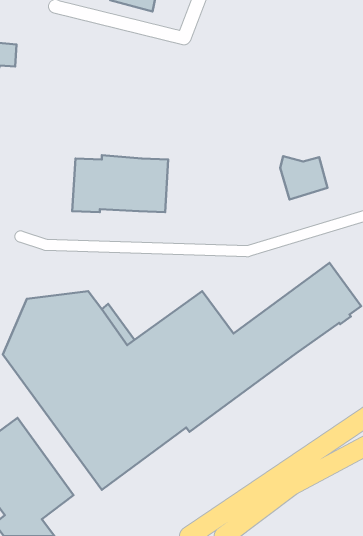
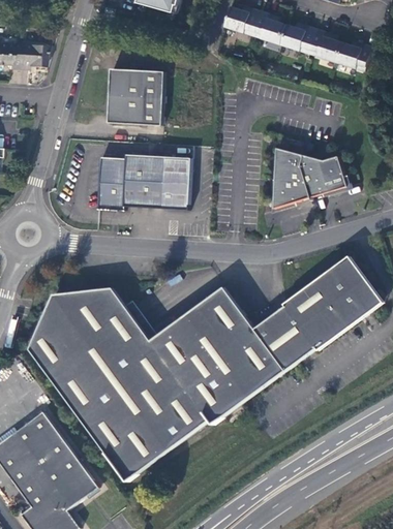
building: none -> [223,6,372,69]
building: none -> [109,69,164,126]
building: none -> [271,147,310,209]

